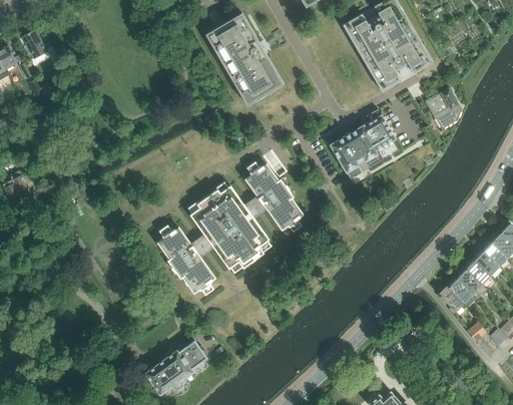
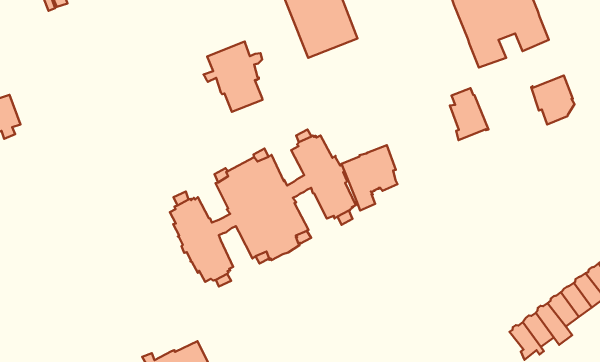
building: none -> [204,42,262,112]
building: [331,125,377,179] -> [342,145,398,210]

